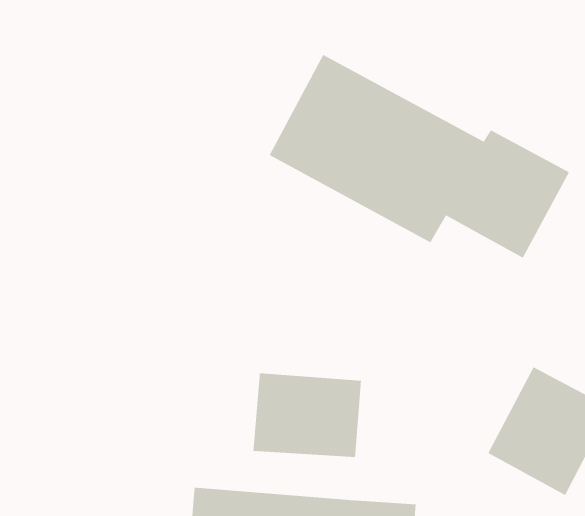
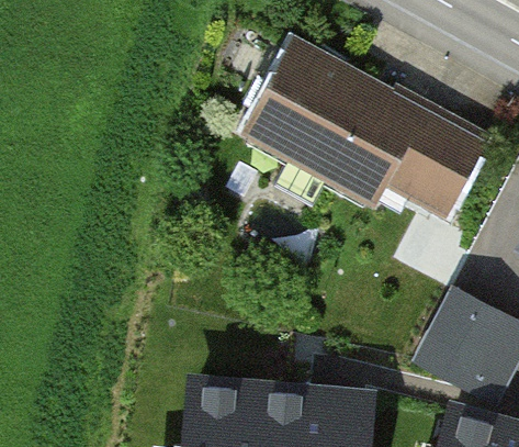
building: [253,373,361,458] -> none

